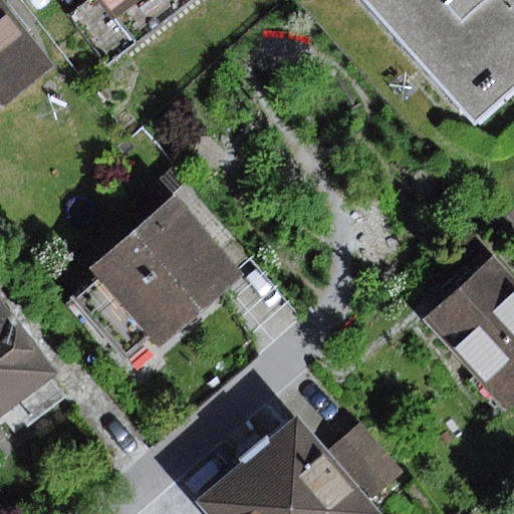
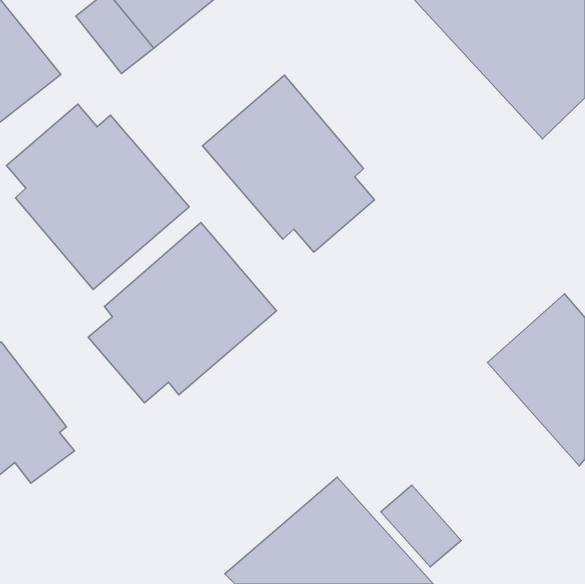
building: none -> [202,75,375,252]
building: none -> [7,104,189,289]

